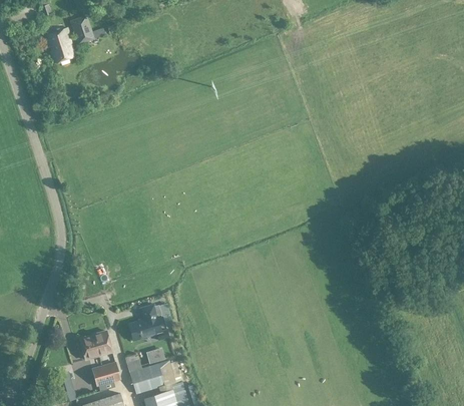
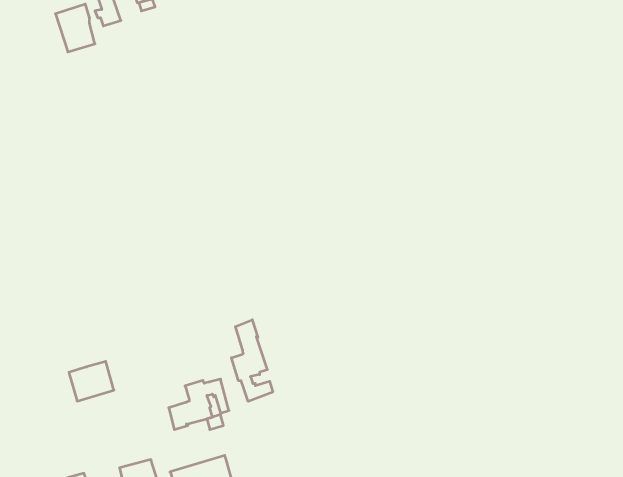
building: none -> [231,320,273,401]
building: [79,330,112,359] -> [69,361,114,401]

